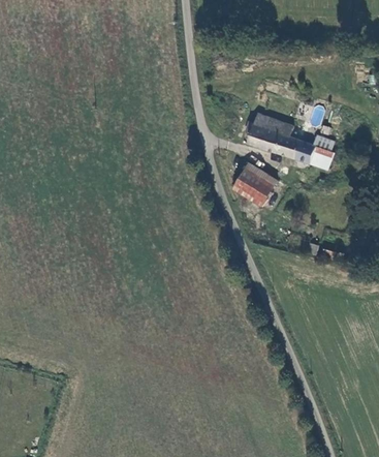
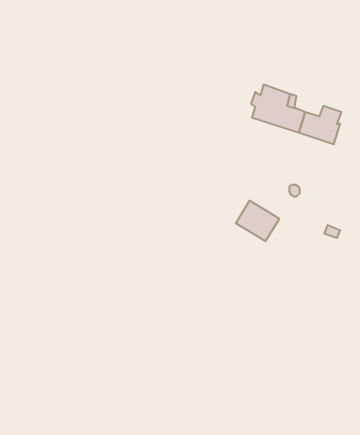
building: [232,167,275,207] -> [236,201,279,241]

